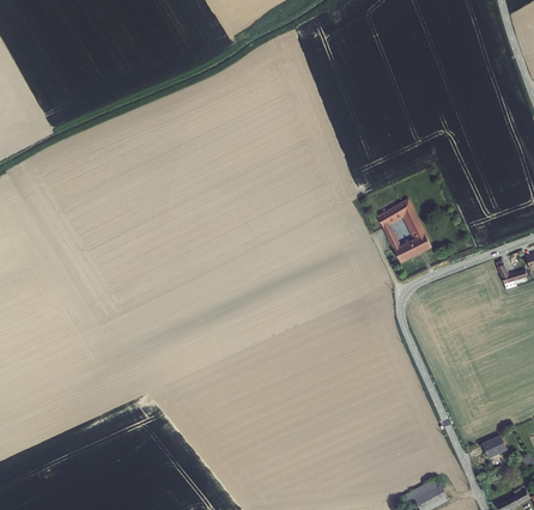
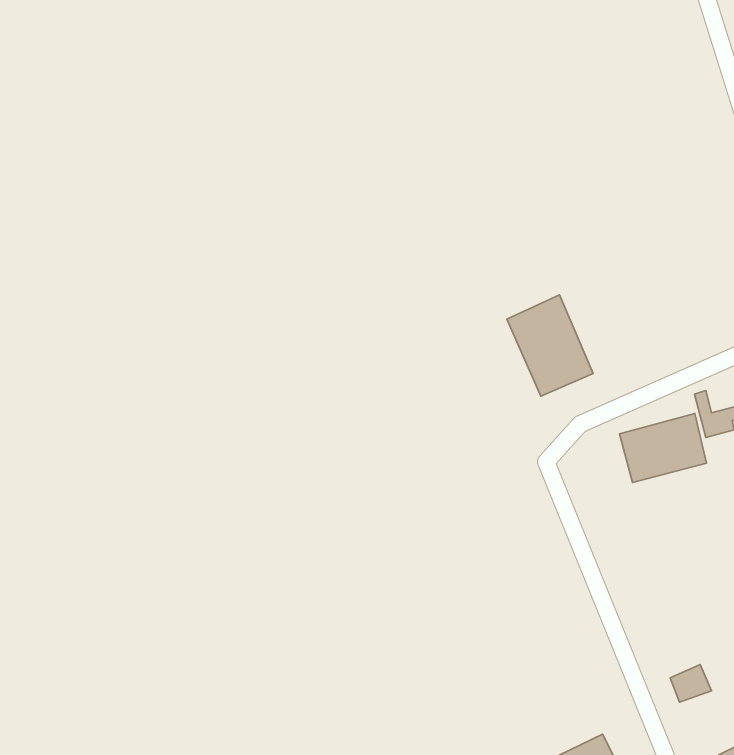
building: none -> [619,414,706,482]

